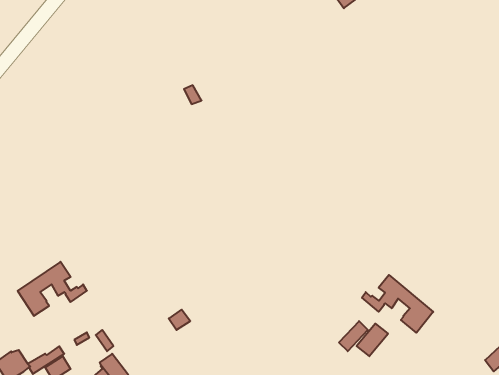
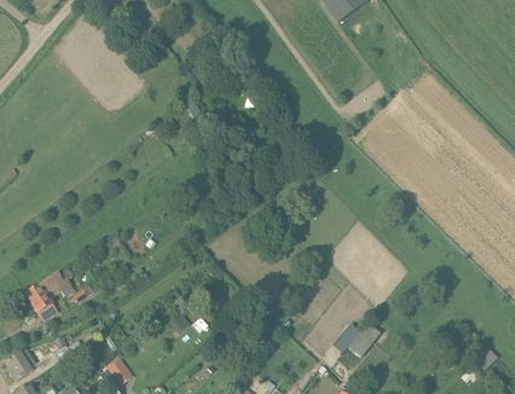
building: [362,275,433,333] -> none

